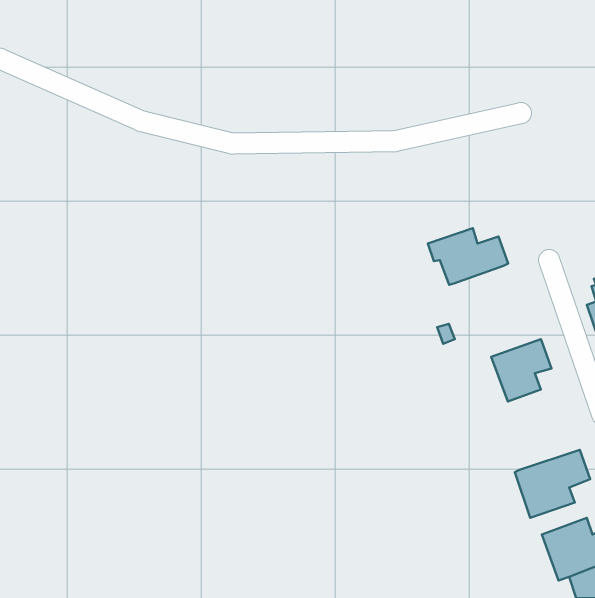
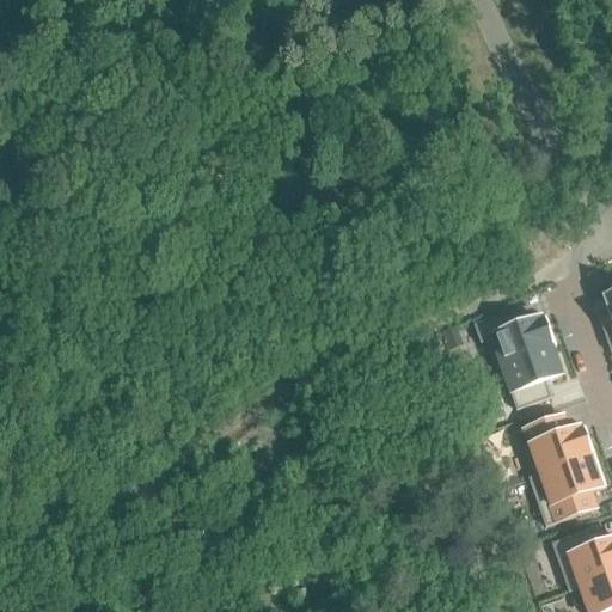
building: [428,228,508,285] -> [479,306,561,363]
building: none -> [524,418,595,477]

